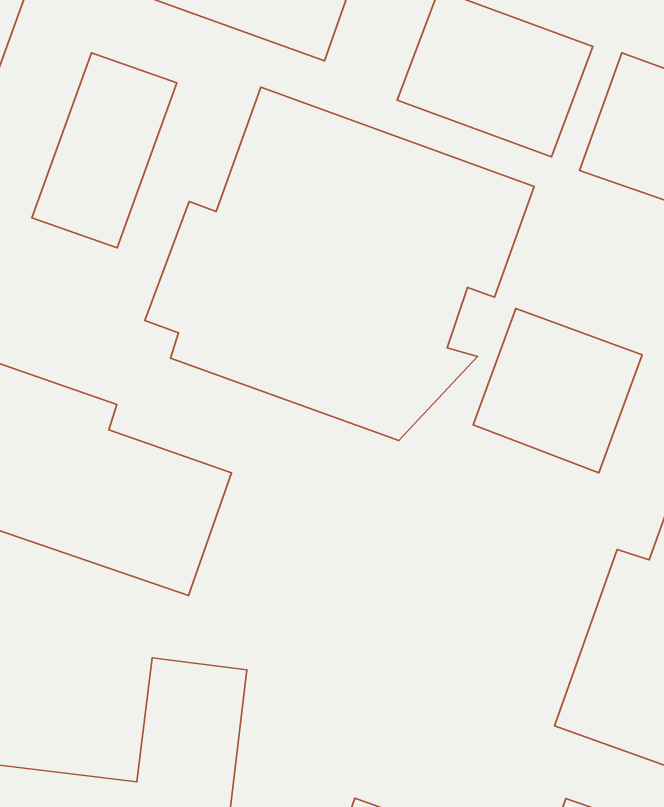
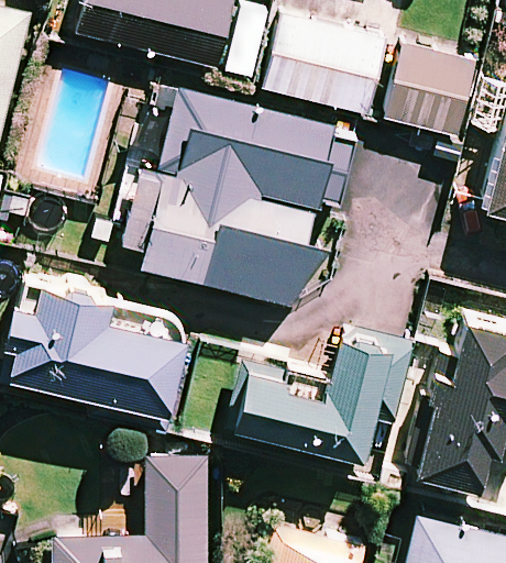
building: [32,53,177,248] -> none
building: [473,309,642,473] -> none
building: none -> [229,339,388,460]

